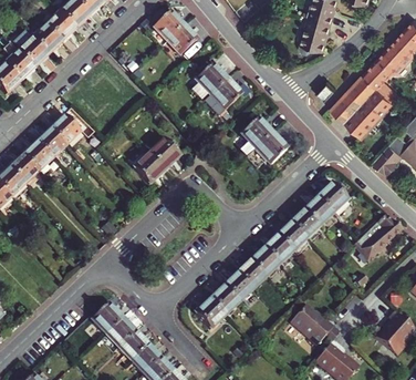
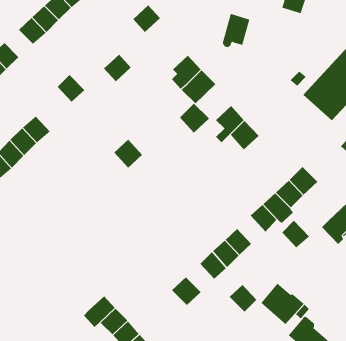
building: [299,16,329,52] -> [222,13,250,48]
building: [164,27,194,57] -> [103,54,132,82]
building: [15,39,45,68] -> none
building: [49,116,79,146] -> [57,74,85,103]
building: [146,138,178,171] -> [179,103,210,133]
building: [261,235,291,265] -> [281,220,310,248]
building: [207,286,237,316] -> [229,284,257,312]
building: [90,304,121,335] -> none

